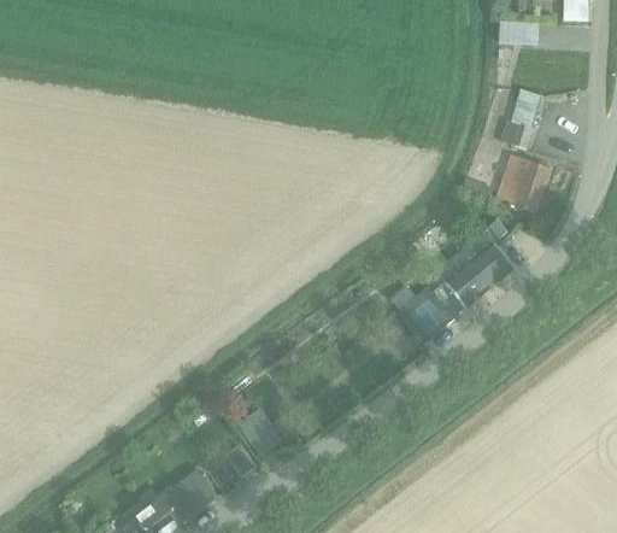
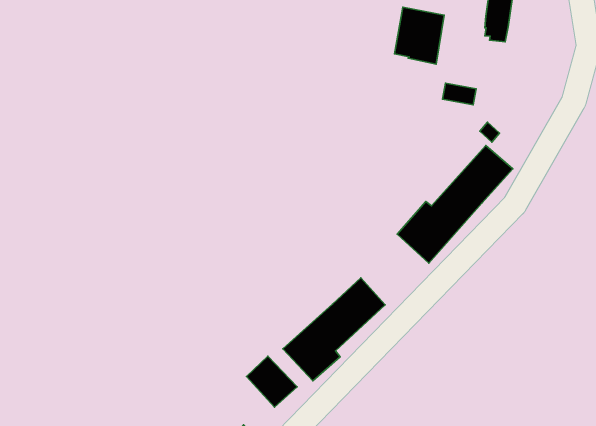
building: [495,154,547,212] -> [394,7,444,64]
building: none -> [283,278,385,381]

